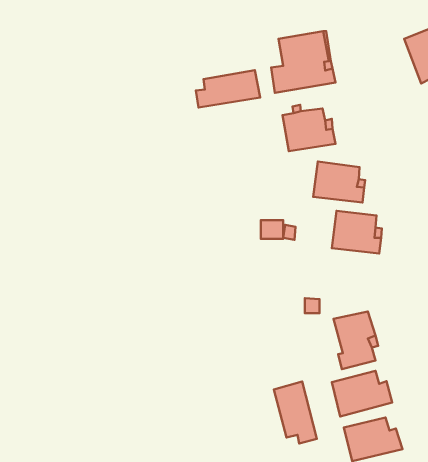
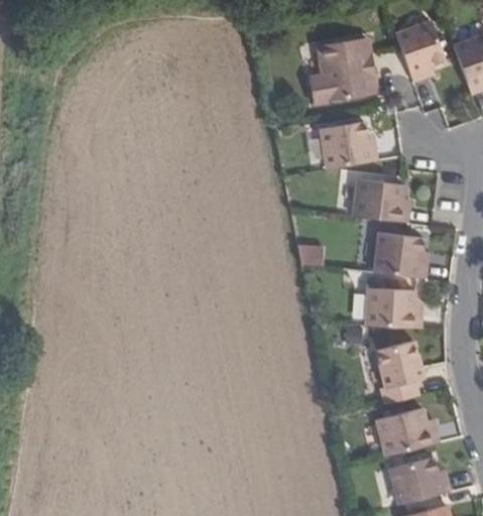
building: none -> [394,19,446,82]
building: [196,70,260,108] -> none
building: none -> [367,288,420,329]
building: [274,382,317,443] -> none

